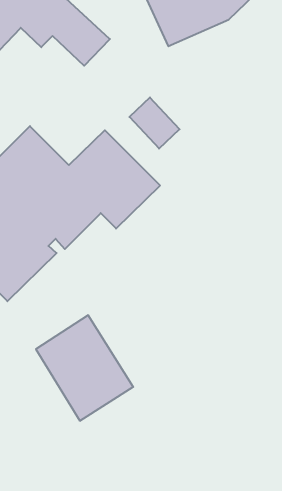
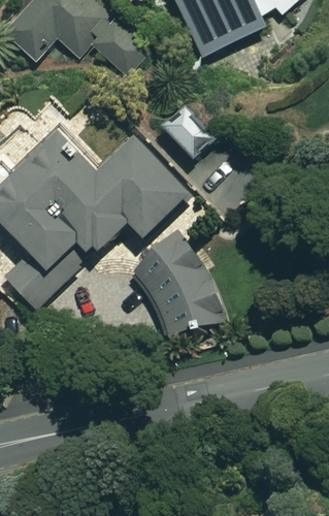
building: [36,315,133,421] -> [128,233,226,340]

